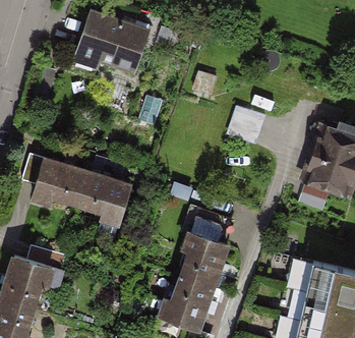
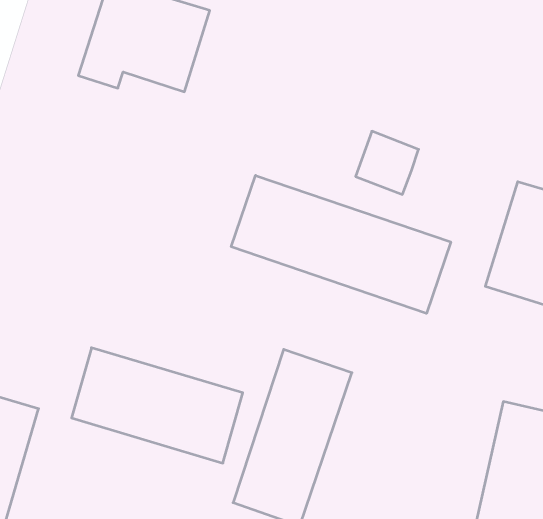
building: none -> [231,175,451,313]
building: [34,157,130,222] -> [72,348,243,463]

